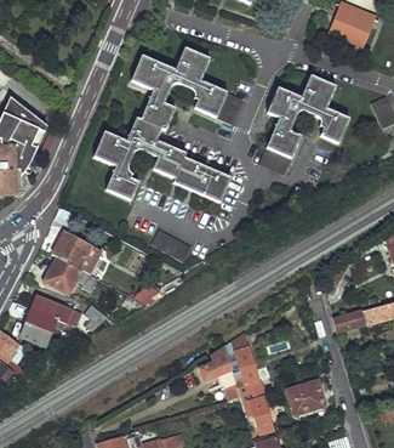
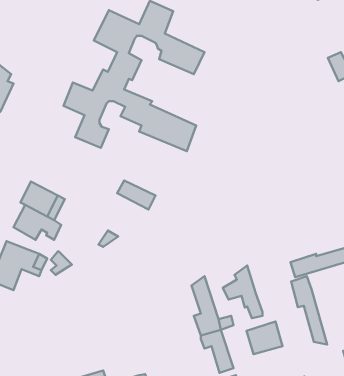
building: [258,75,348,175] -> none
building: none -> [291,276,327,344]
building: [199,346,240,401] -> [223,266,262,318]

